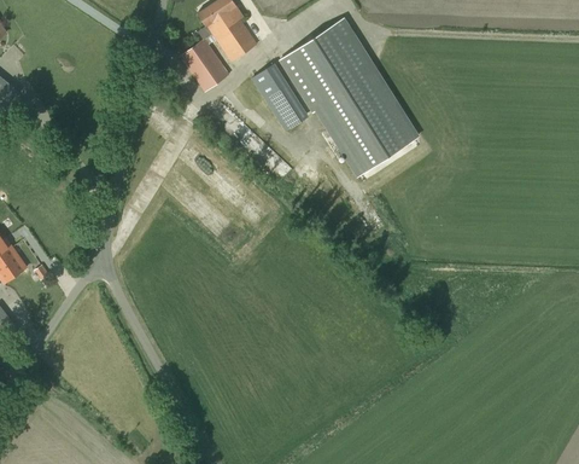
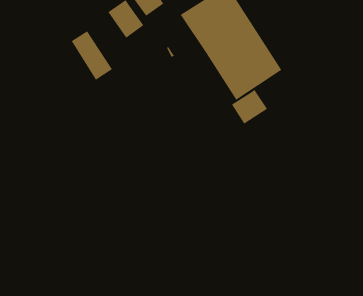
building: [251,63,309,132] -> [71,31,113,80]
building: none -> [231,89,268,124]

